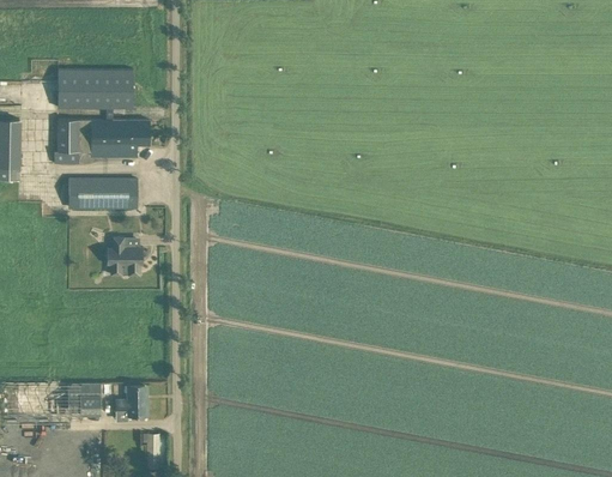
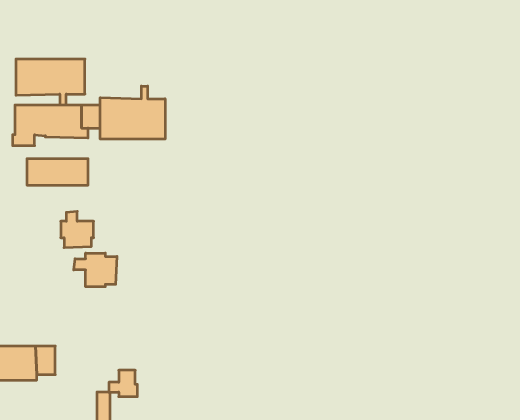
building: none -> [100,86,165,139]
building: none -> [74,253,117,287]
building: [115,386,146,415] -> [109,370,137,397]

